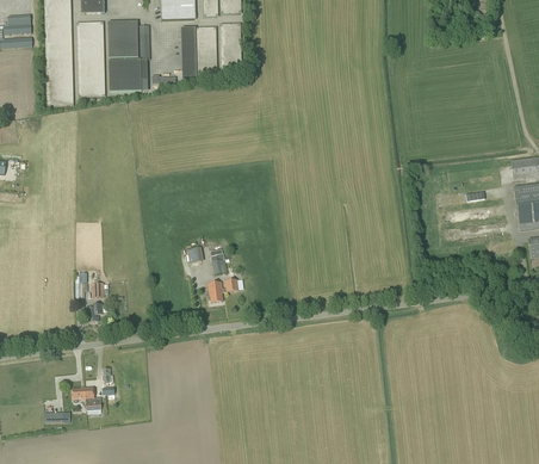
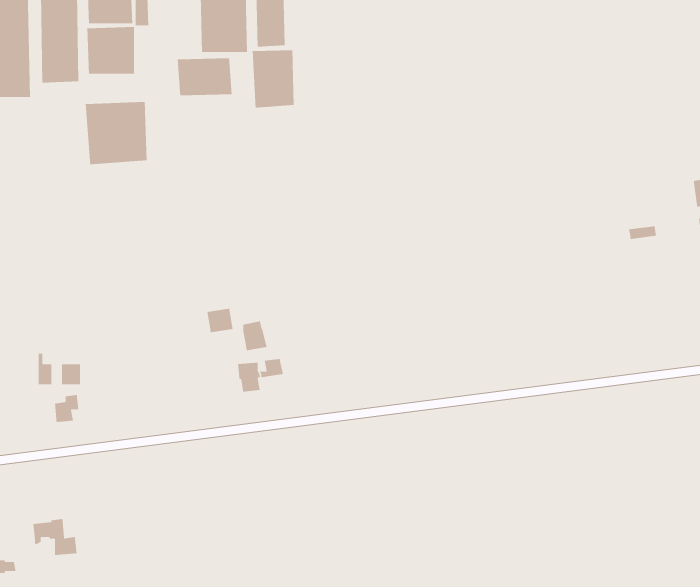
building: none -> [252,49,295,108]
building: none -> [177,58,232,96]
building: none -> [85,101,148,165]

